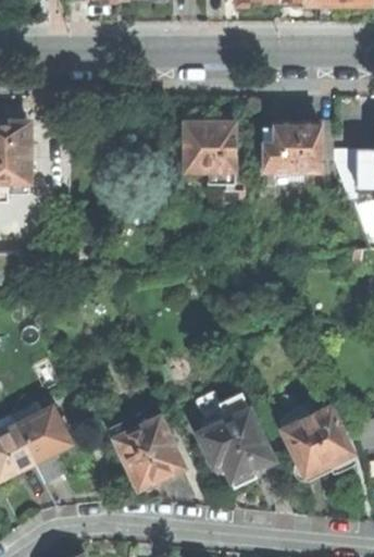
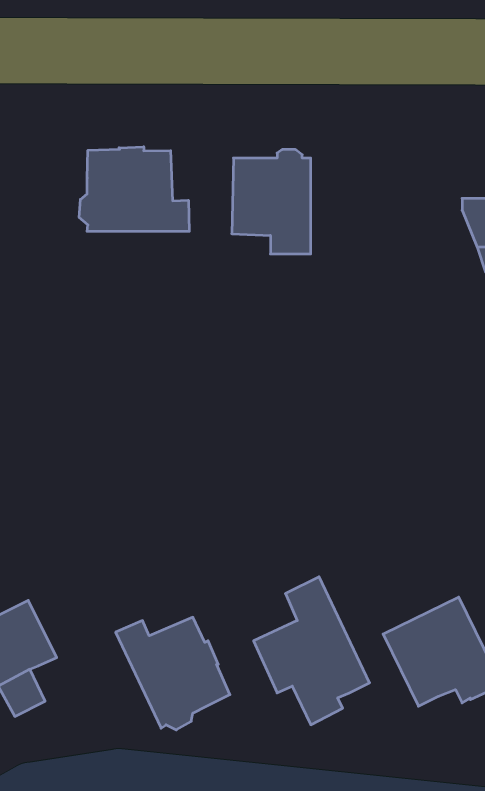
building: none -> [79,147,189,231]
building: [262,123,320,172] -> none

